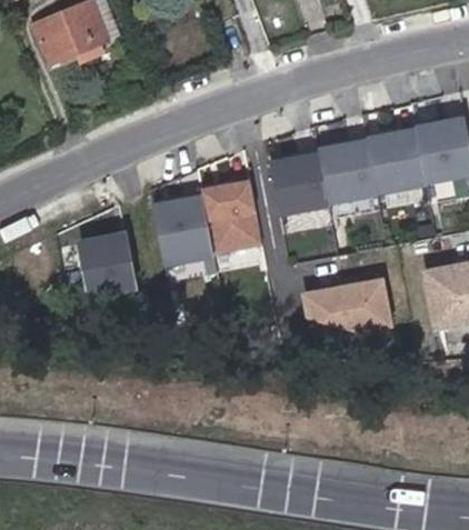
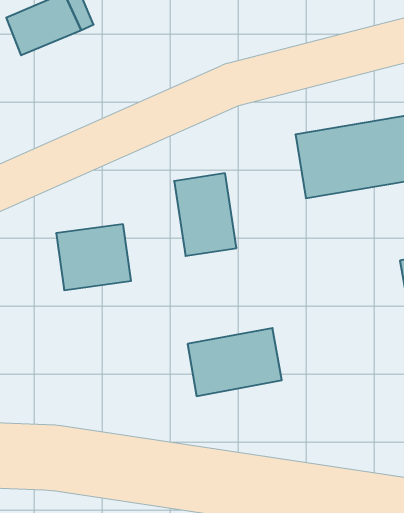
building: [267,151,328,213] -> none
building: [151,194,210,269] -> none
building: [300,278,392,344] -> [188,328,282,396]

